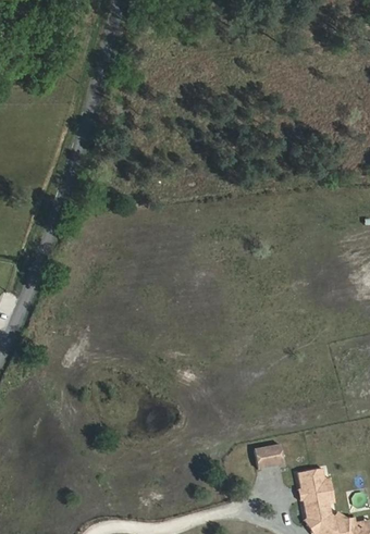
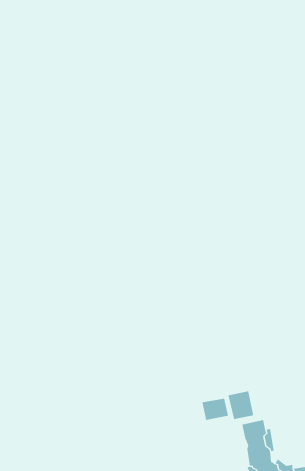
building: none -> [228,391,254,420]

